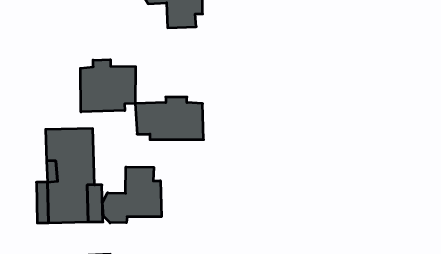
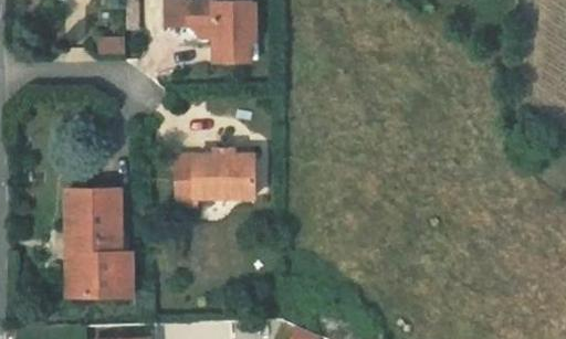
building: [80,60,136,112] -> none
building: [102,167,161,223] -> none

